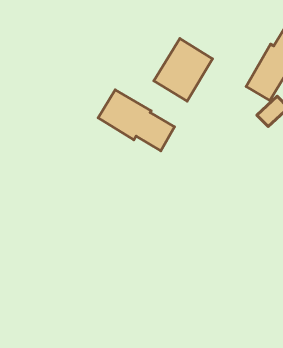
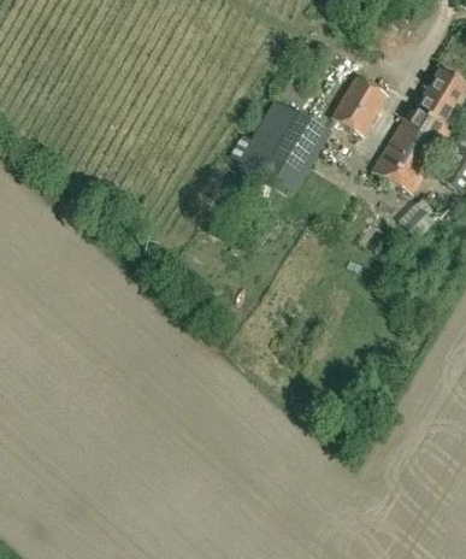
building: none -> [331,73,388,134]
building: [98,90,175,151] -> none

